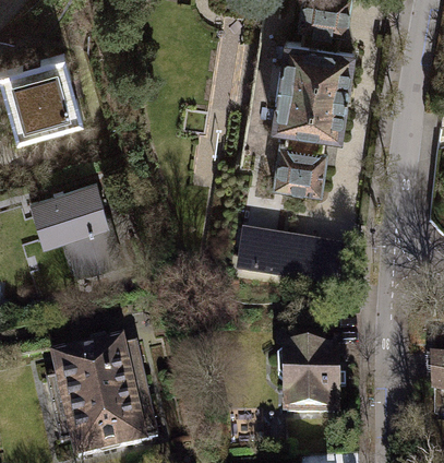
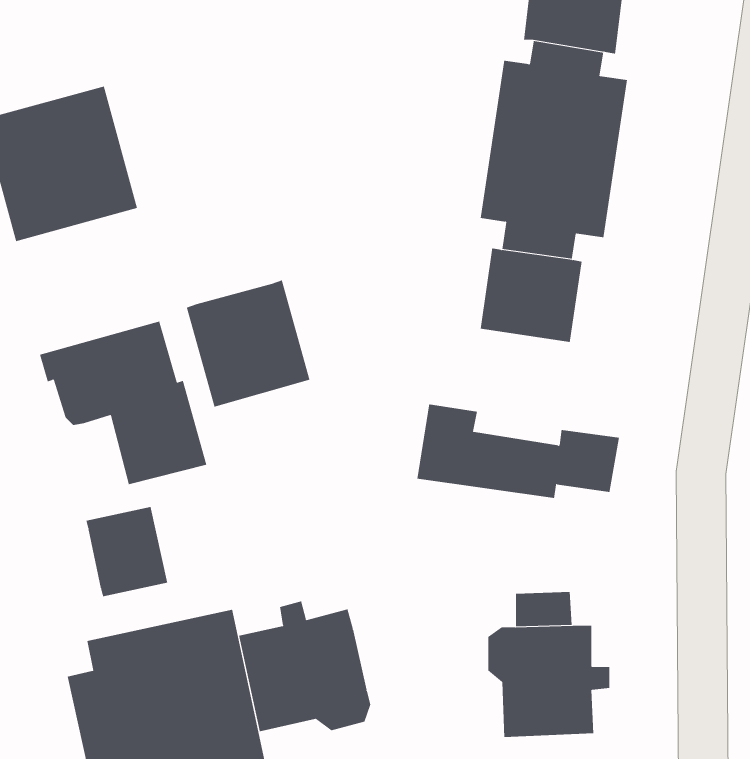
building: none -> [186,280,310,407]
building: none -> [86,506,168,597]
building: none -> [238,601,371,732]

